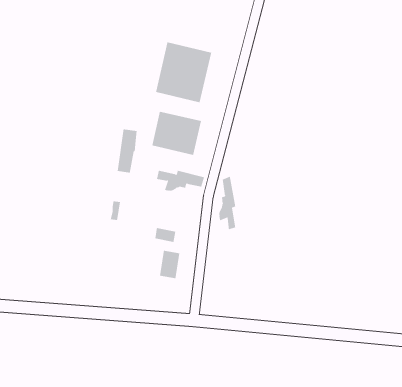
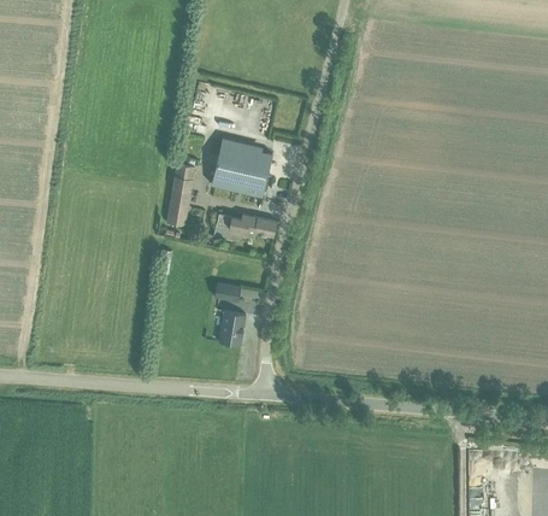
building: [155,42,212,103] -> none
building: [219,176,236,230] -> none

